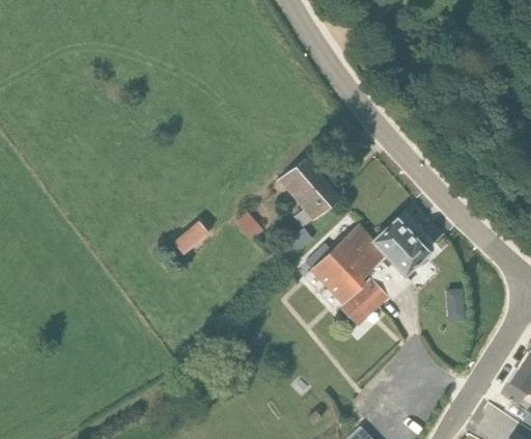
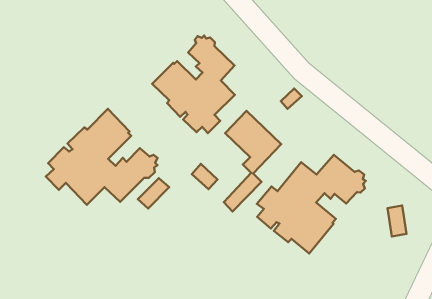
building: none -> [152,36,235,133]
building: none -> [46,109,157,205]

